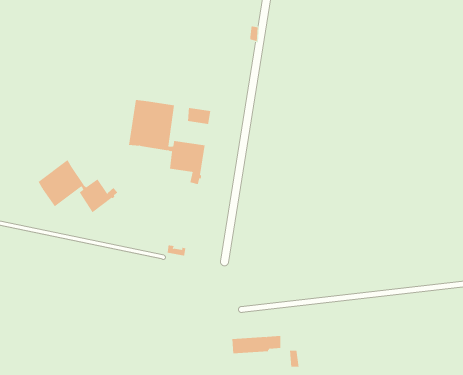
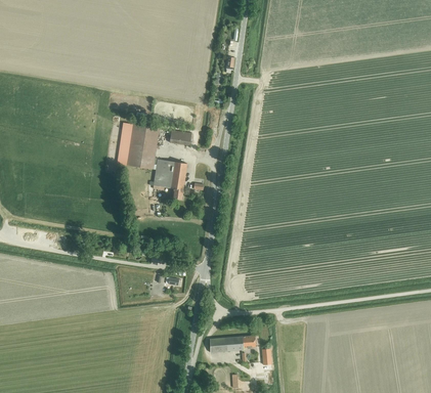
building: [38,159,118,213] -> none

